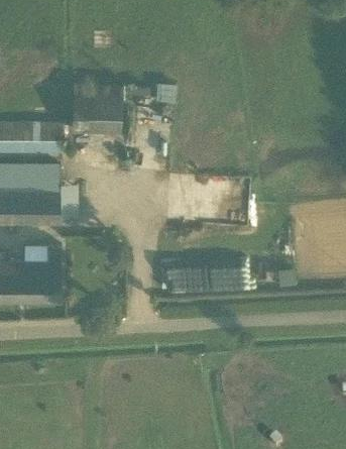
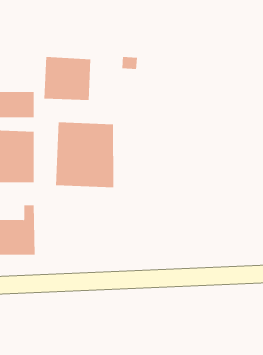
building: none -> [55,121,114,188]

